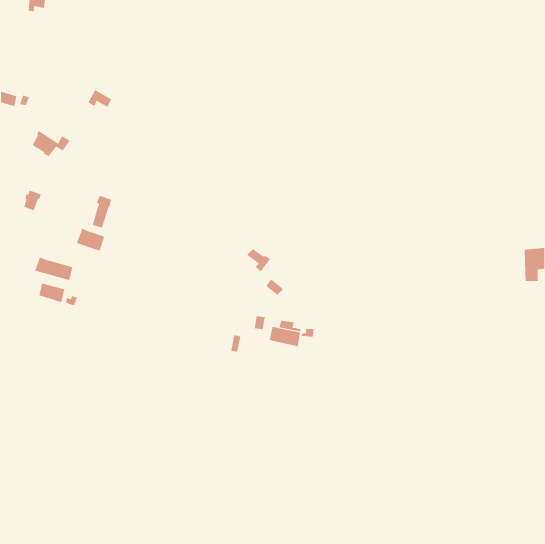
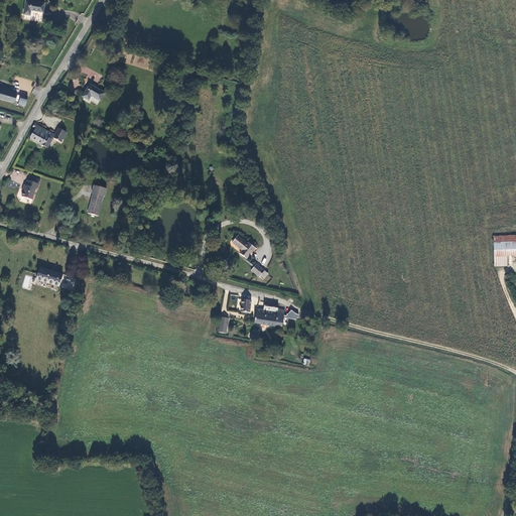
building: [76,228,105,252] -> none
building: [34,257,73,281] -> none

